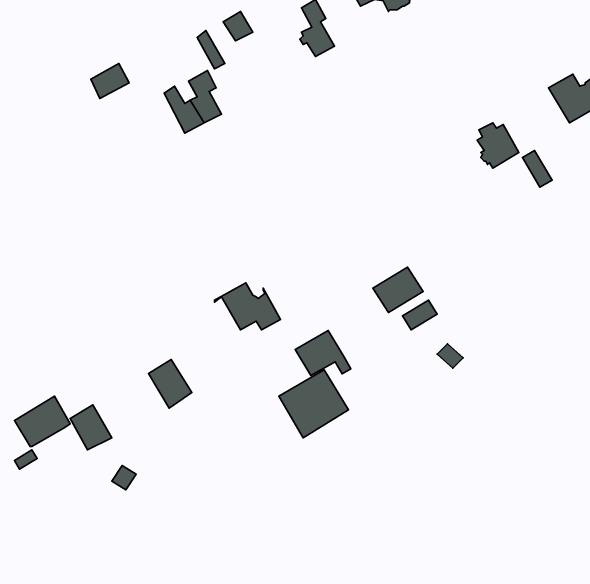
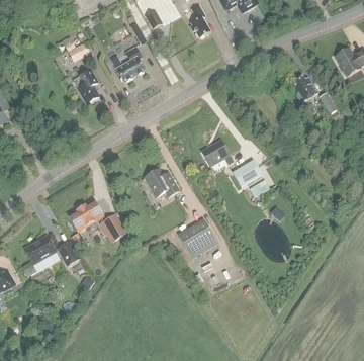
building: none -> [72,68,97,101]
building: [295,330,351,376] -> [200,139,233,165]
building: none -> [68,199,101,229]

